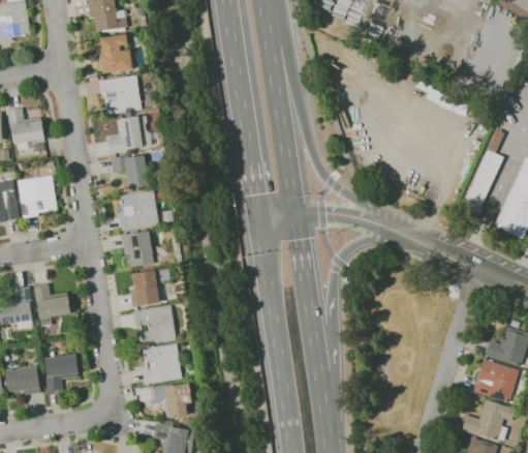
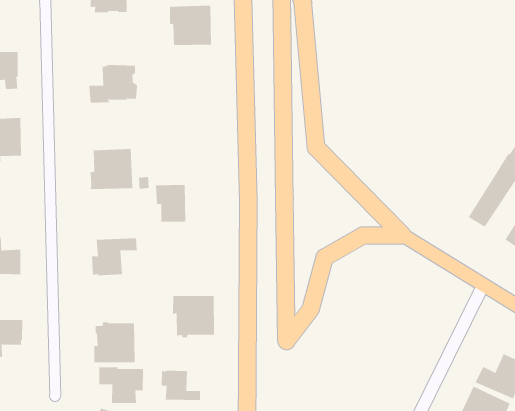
building: [98,74,141,115] -> [169,5,212,45]
building: [110,155,155,189] -> none
building: [121,231,153,267] -> [155,185,186,222]
building: [132,305,175,346] -> [172,296,215,338]
building: none -> [161,370,201,401]

